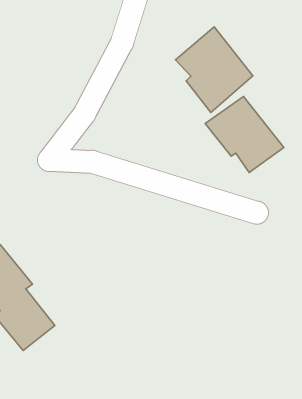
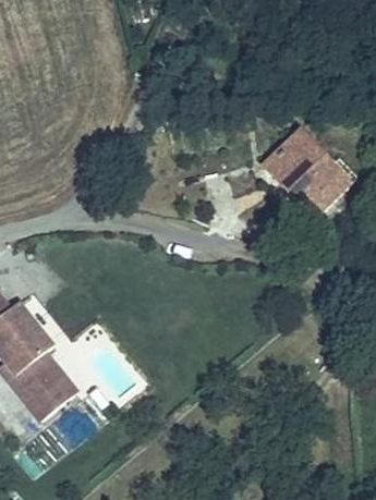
building: [175,27,253,112] -> none

